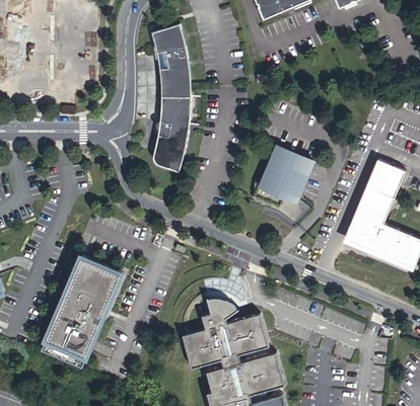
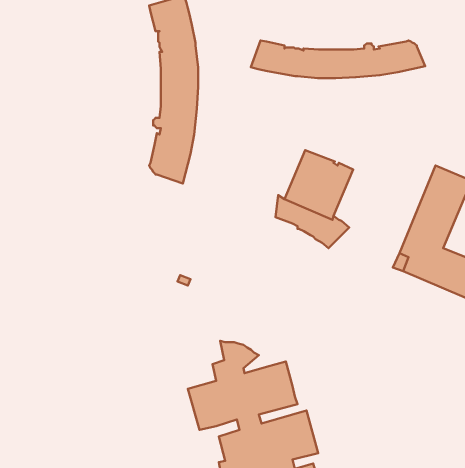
building: none -> [251,40,425,78]
building: [43,256,123,367] -> none

